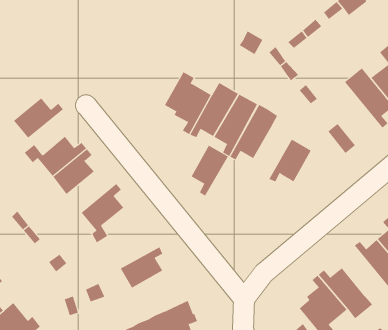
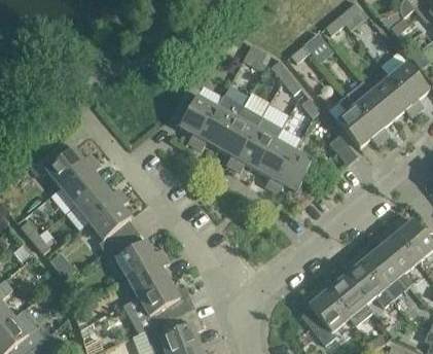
building: none -> [337,95,384,147]
building: [13,98,64,139] -> [75,182,124,222]
building: [191,145,229,197] -> [258,139,295,189]
building: none -> [105,240,167,277]
building: none -> [345,254,385,304]
building: none -> [139,279,188,323]

